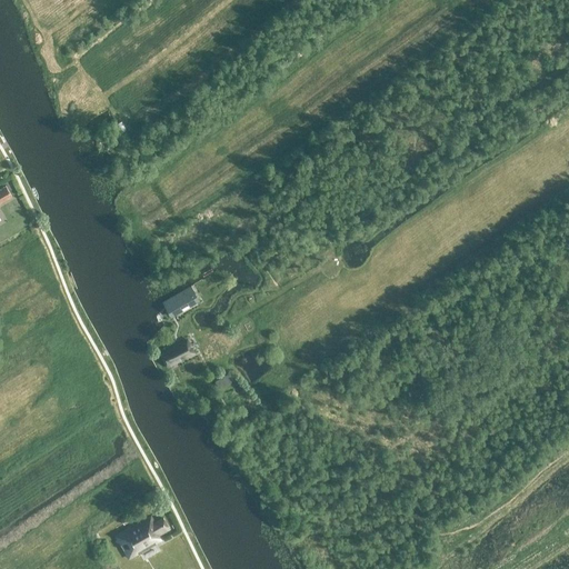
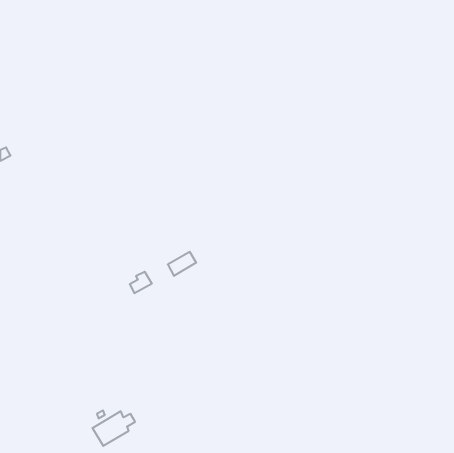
building: [162,286,198,316] -> [168,252,196,276]

